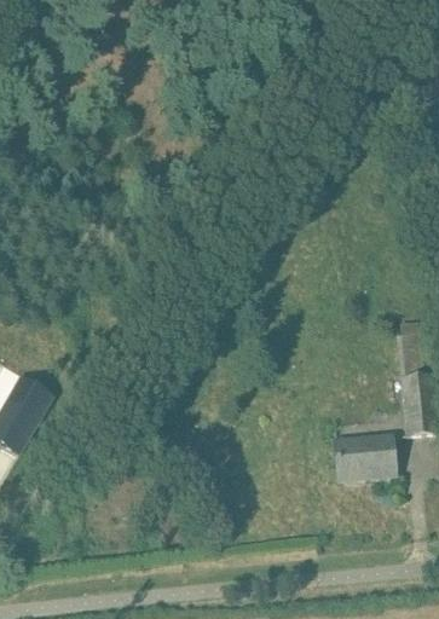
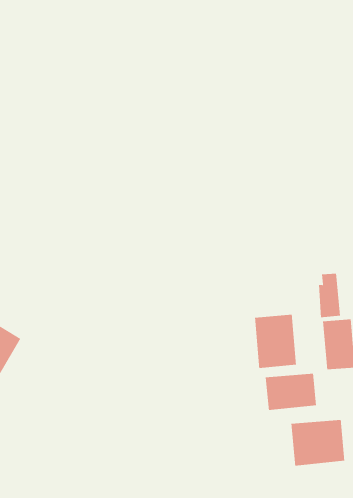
building: none -> [254,314,297,369]
building: none -> [291,419,345,466]

